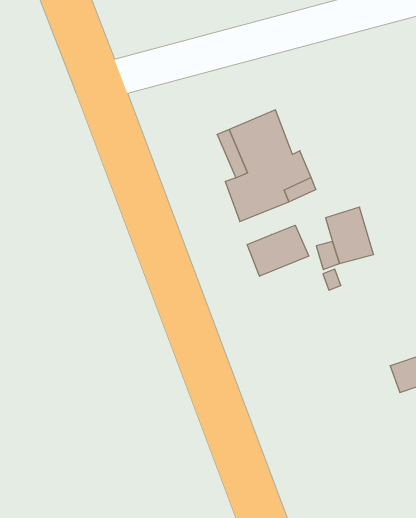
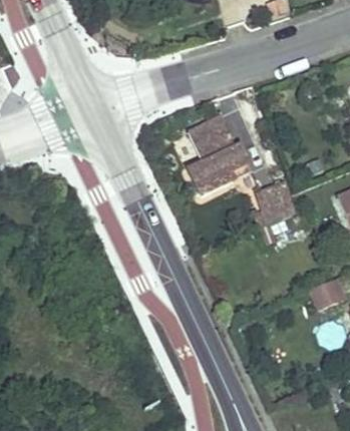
building: [247,225,309,276] -> none

